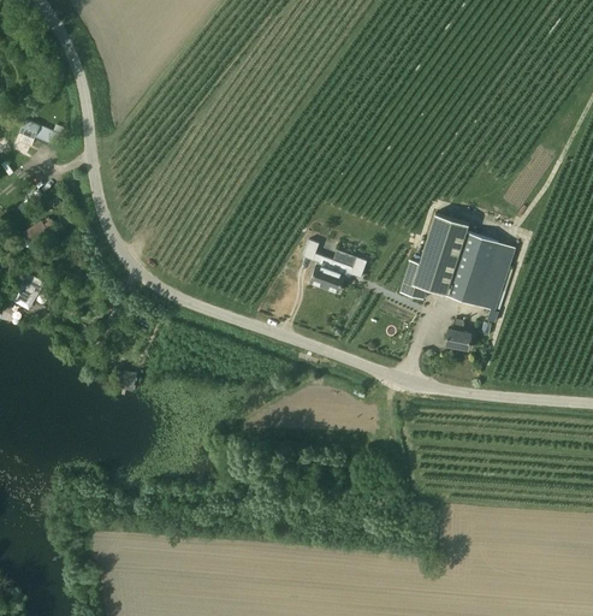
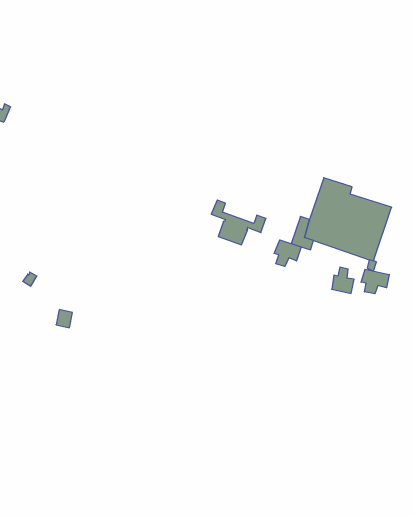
building: none -> [274,240,301,266]
building: none -> [361,269,389,294]

